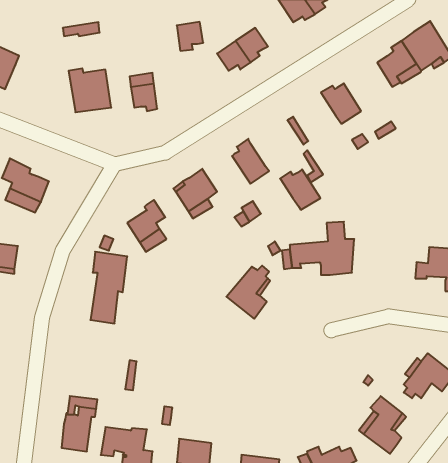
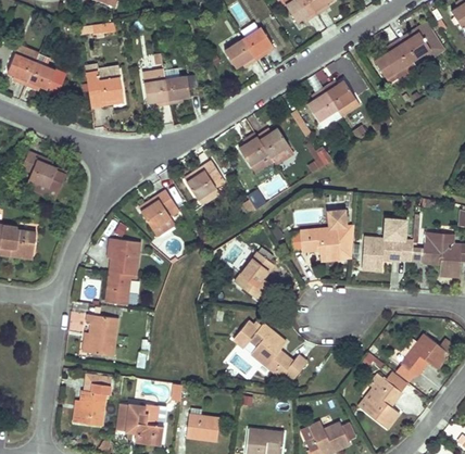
building: [177,22,203,51] -> [165,76,190,103]
building: none -> [25,62,66,96]
building: none -> [306,88,337,122]
building: [280,169,320,210] -> [256,127,294,165]
building: none -> [362,217,413,270]
building: none -> [86,314,117,355]
building: none -> [234,320,307,380]

